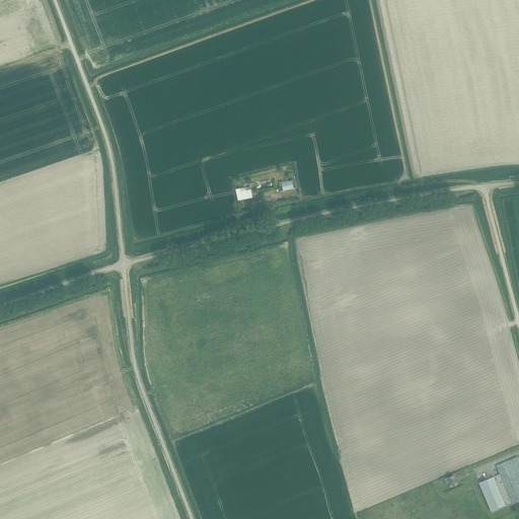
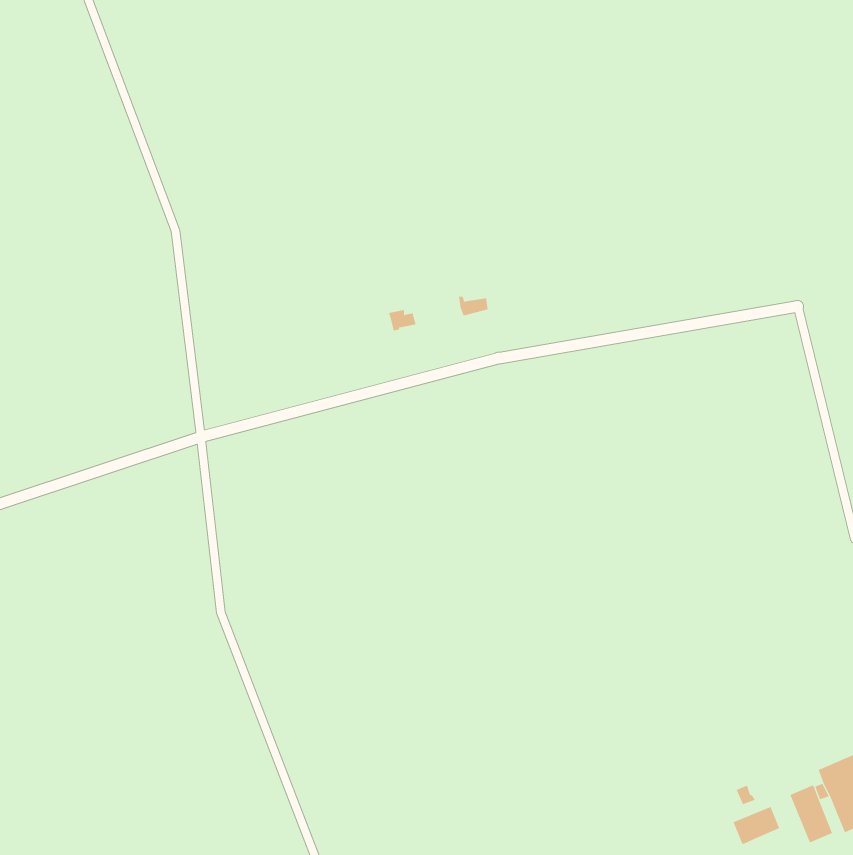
building: none -> [733,806,780,844]

